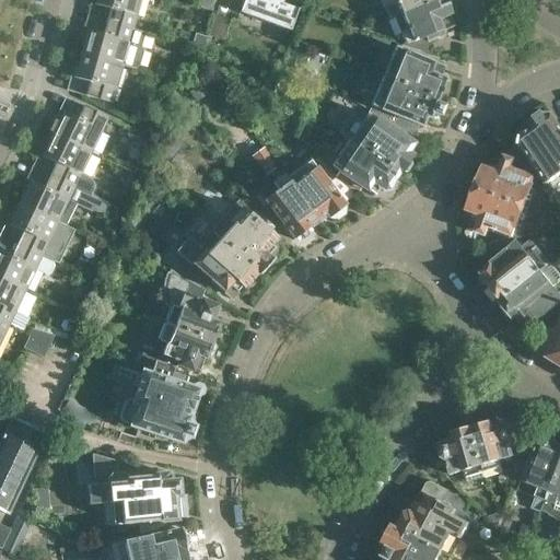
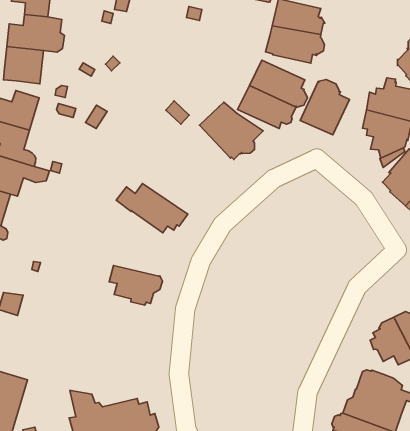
building: none -> [300,80,350,135]
building: [258,174,314,238] -> none
building: [208,191,279,275] -> none
building: [160,257,219,339] -> none
building: [106,360,197,448] -> none

